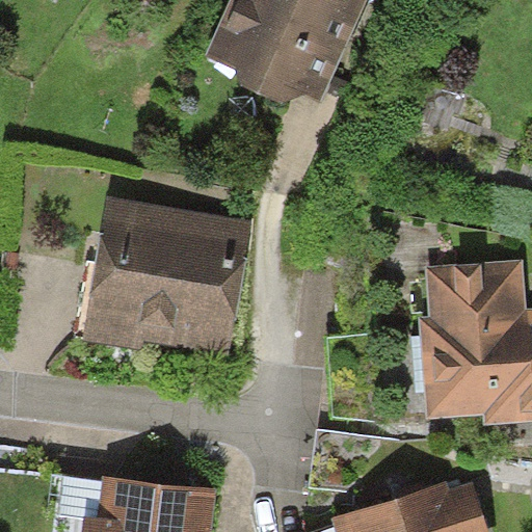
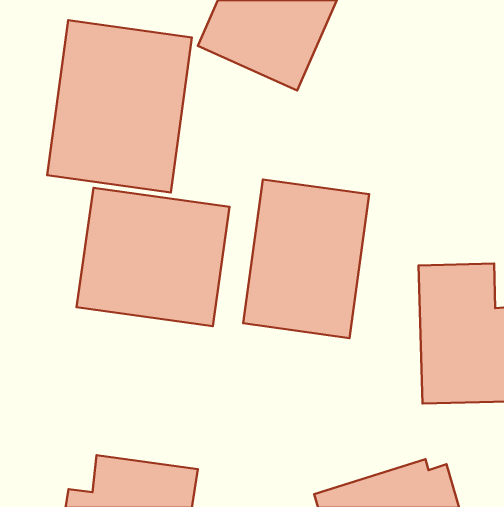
building: none -> [47,20,192,192]
building: none -> [243,180,369,338]

